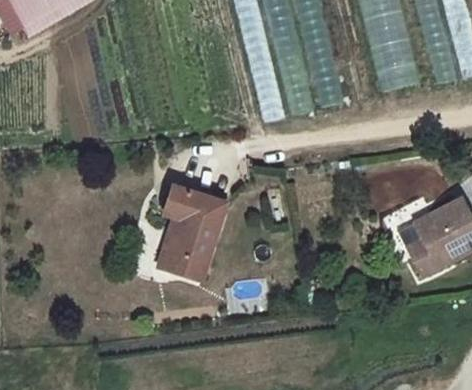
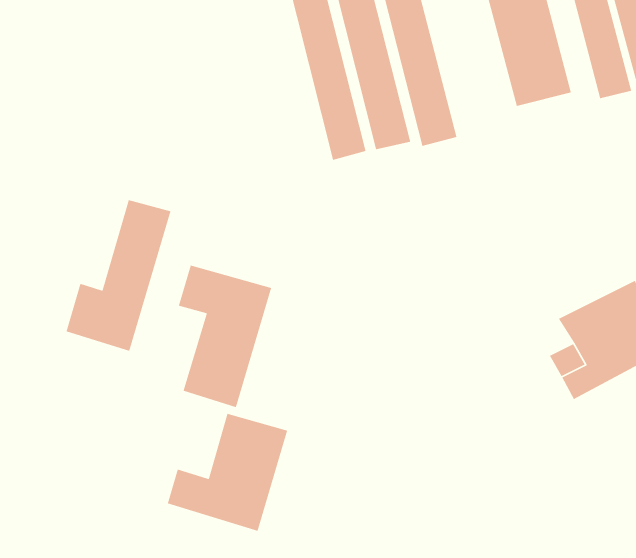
building: none -> [66,199,171,352]
building: none -> [167,413,288,532]

